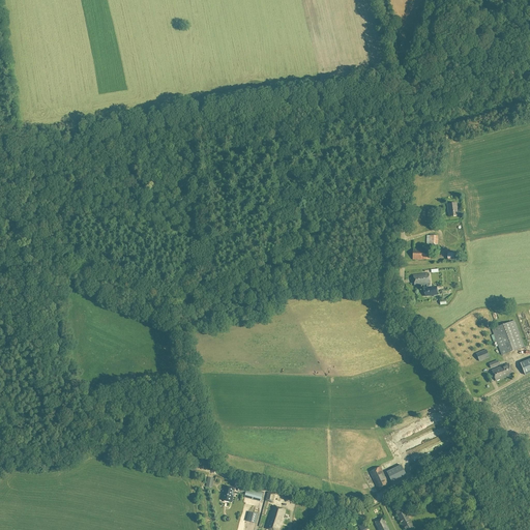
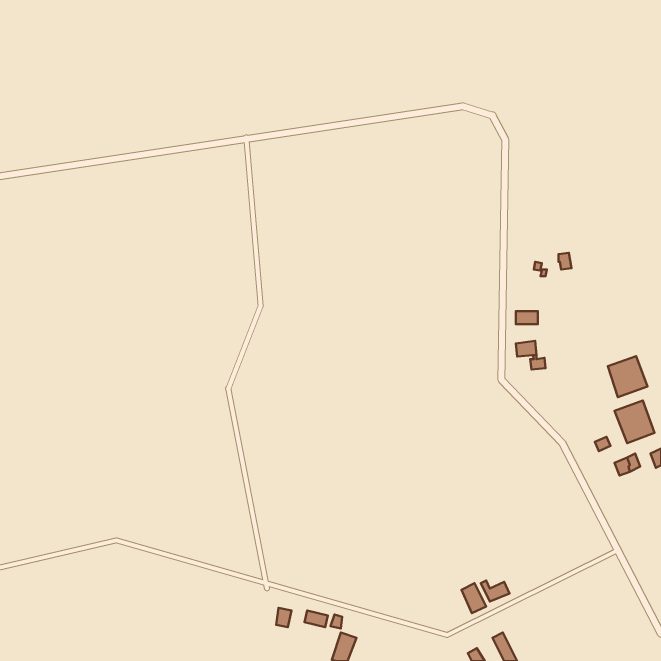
building: none -> [608,356,647,397]

